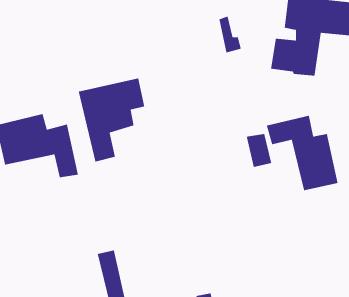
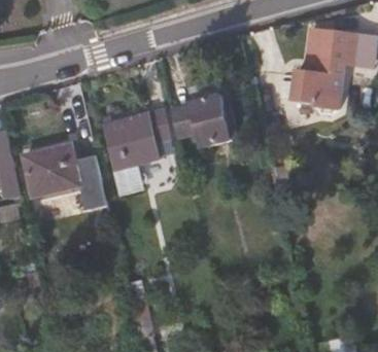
building: none -> [169,96,230,147]
building: [266,115,339,191] -> none

